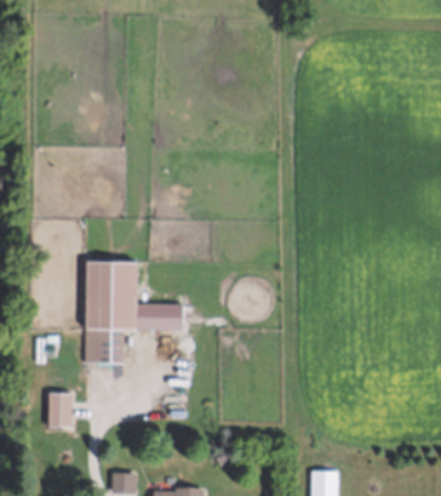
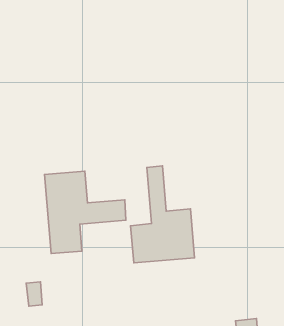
building: none -> [131,166,195,263]

